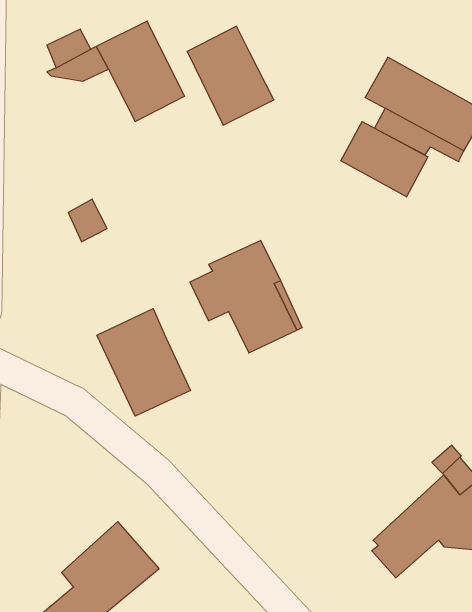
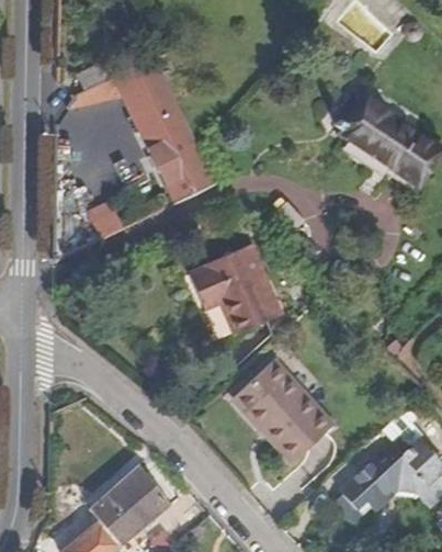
building: [187,26,274,125] -> [145,122,216,203]
building: [341,122,428,197] -> none
building: [97,309,190,416] -> none
building: none -> [233,362,333,458]

